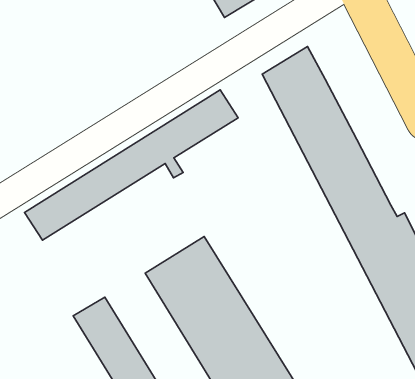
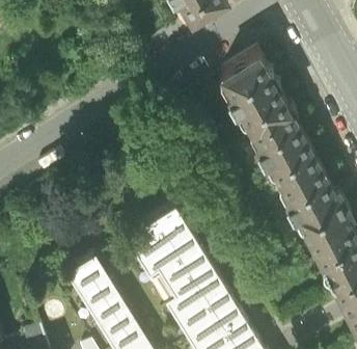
building: [24,90,238,240] -> none

